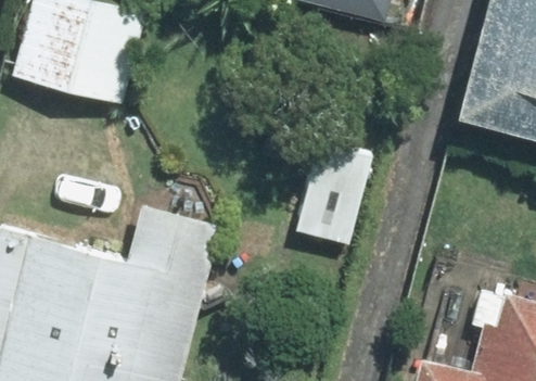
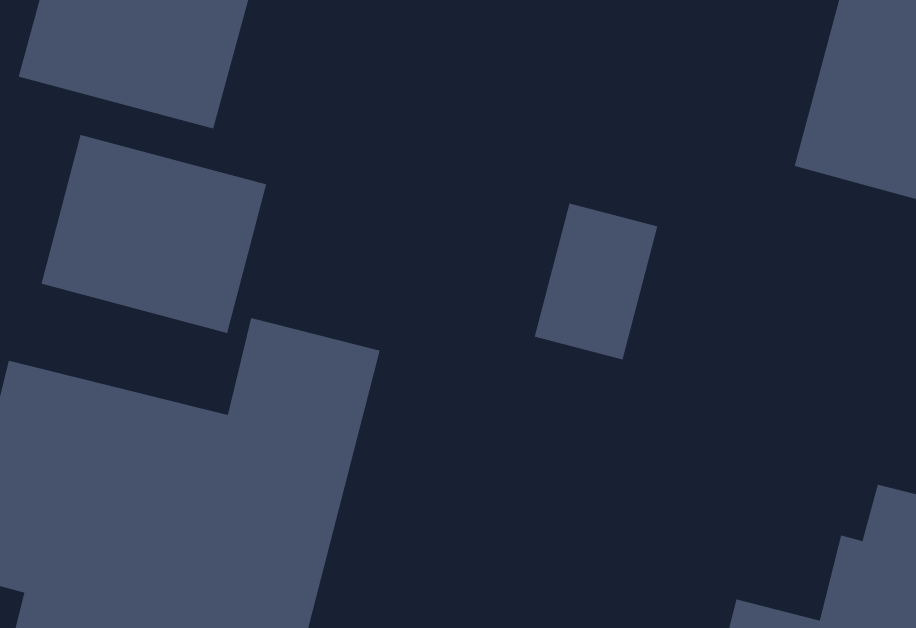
building: none -> [41,134,267,334]

